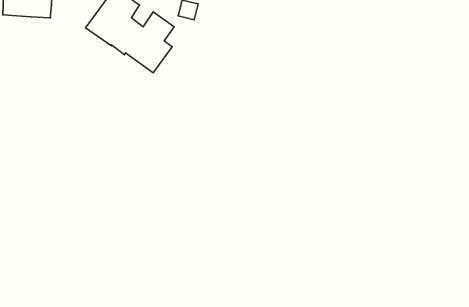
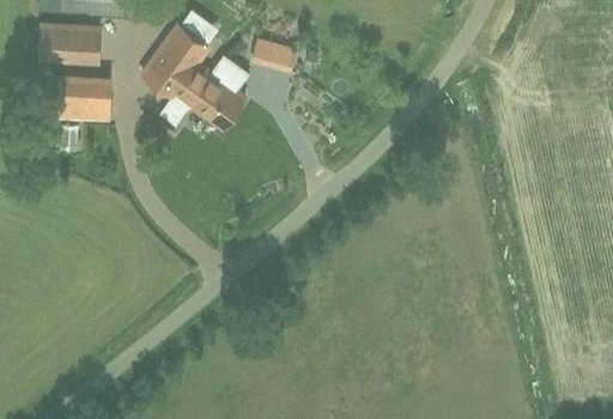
building: none -> [56,77,111,120]

